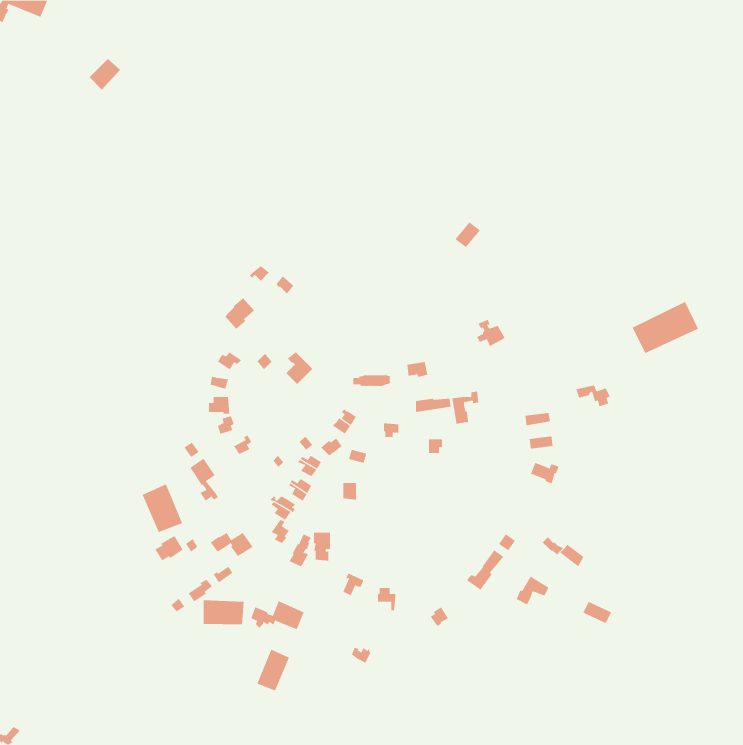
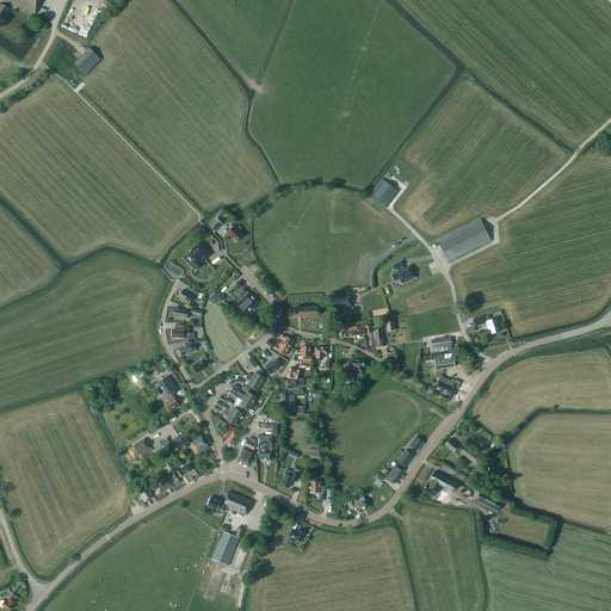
building: [632,301,699,354] -> [436,218,490,261]
building: [142,483,183,533] -> none
building: [203,599,244,625] -> none

